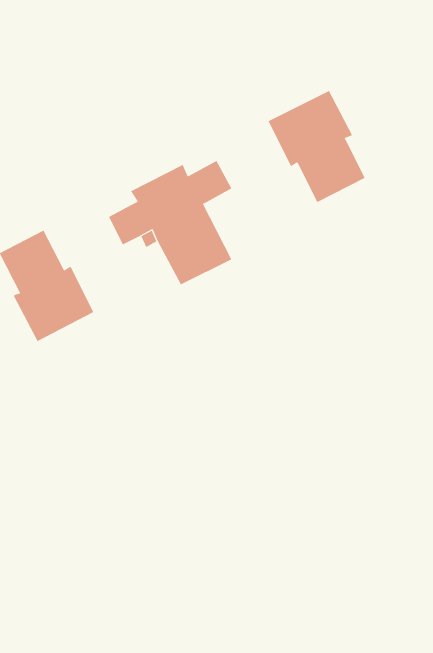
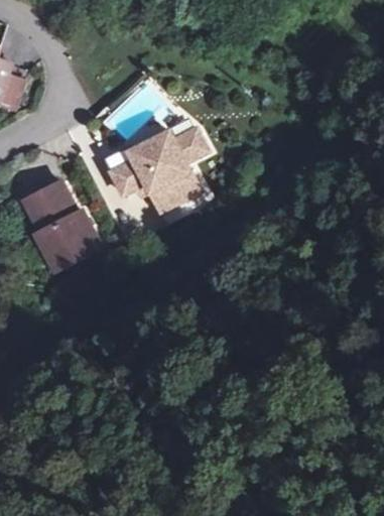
building: [268,90,366,203] -> none

